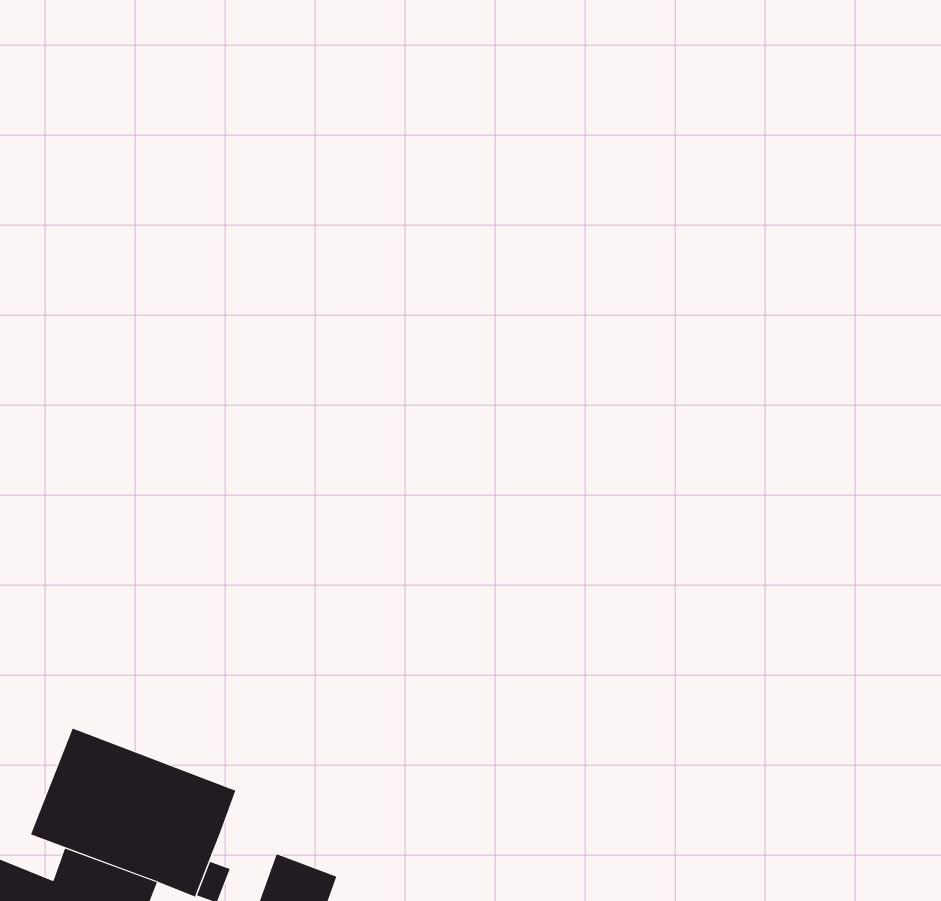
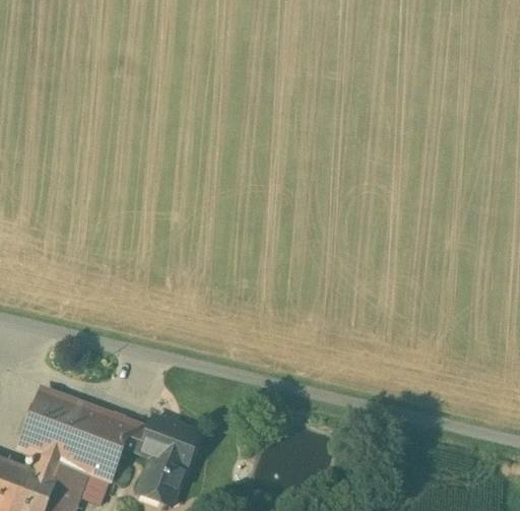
building: none -> [121,417,198,470]

